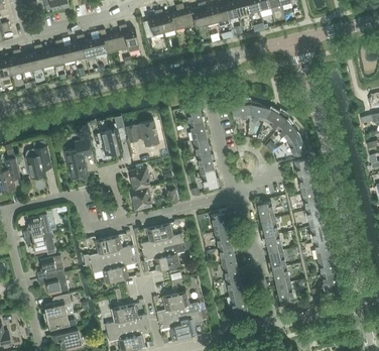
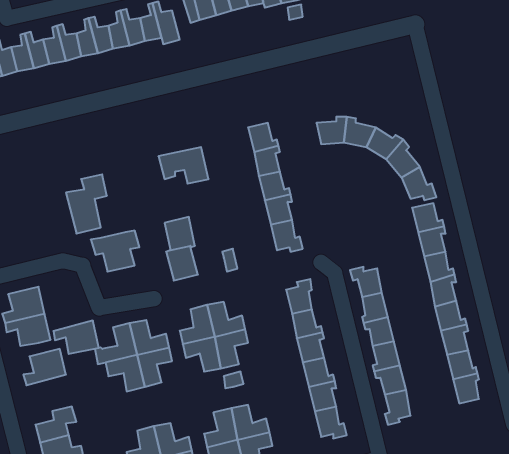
building: [94,128,126,155] -> [91,231,139,272]
building: [25,146,51,179] -> none
building: [38,272,69,295] -> [53,321,99,354]

